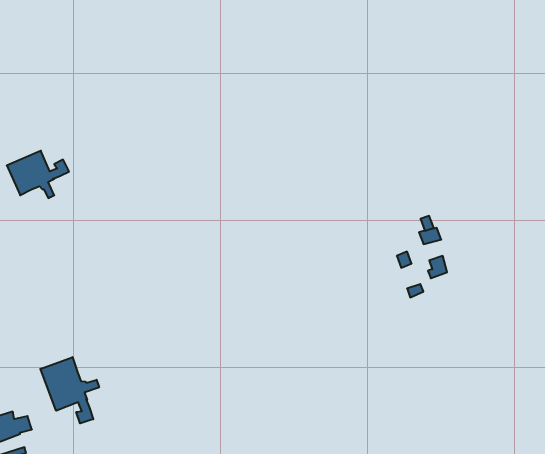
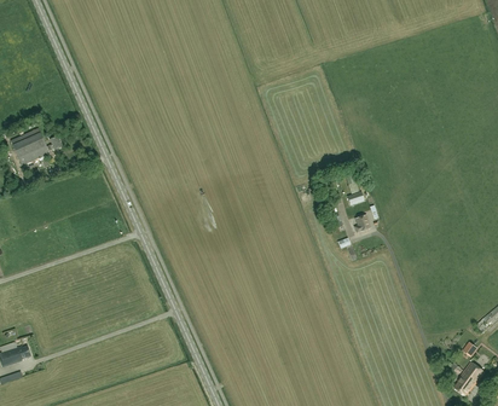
building: [40,357,99,423] -> none

